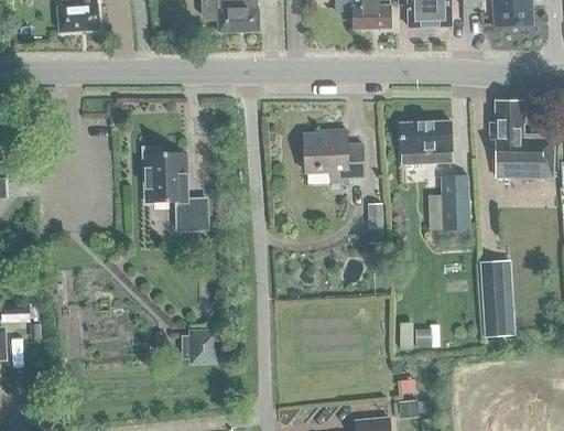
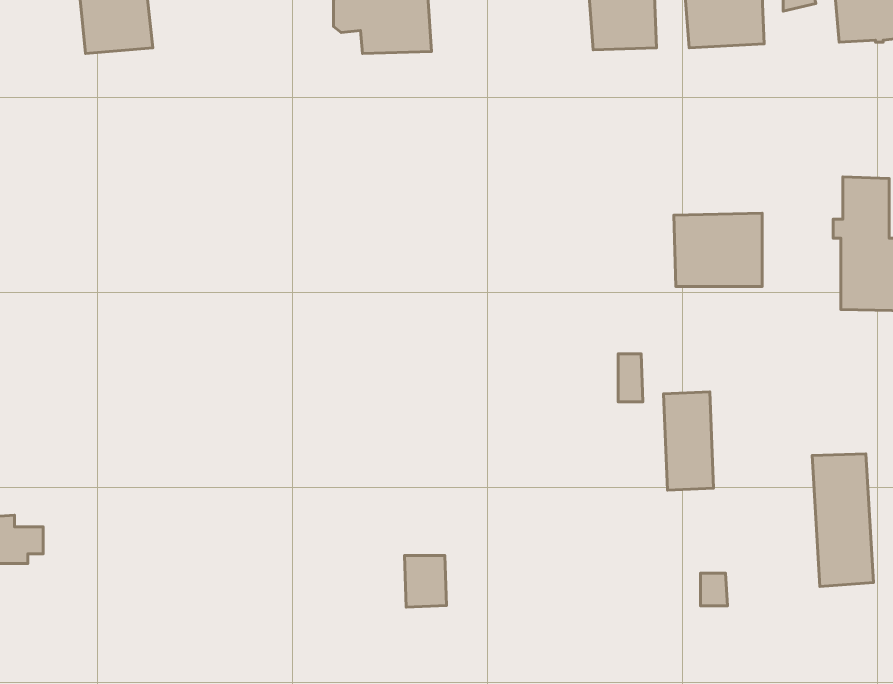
building: [304,130,362,183] -> none
building: [144,148,207,229] -> none
building: [441,174,469,230] -> [664,392,714,490]
building: [191,332,215,362] -> [404,555,447,607]

